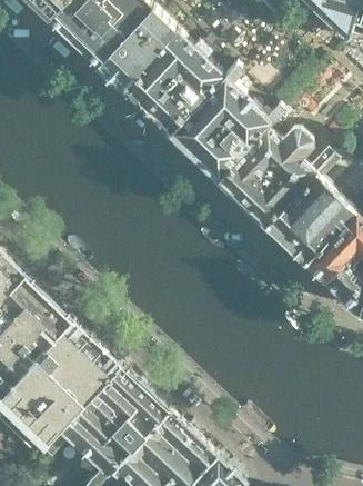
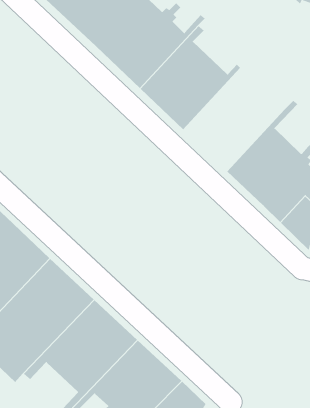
building: [216,108,327,222] -> none

